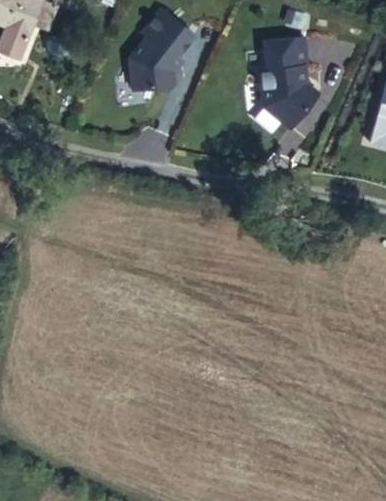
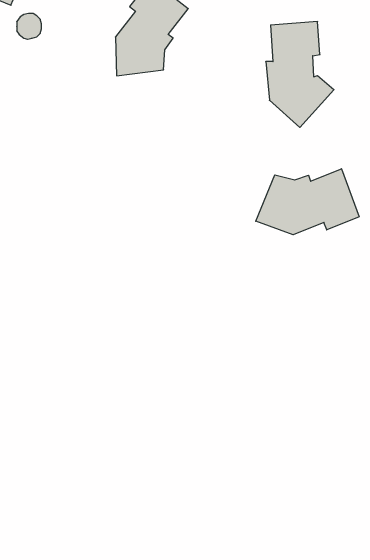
building: none -> [256,169,359,235]

